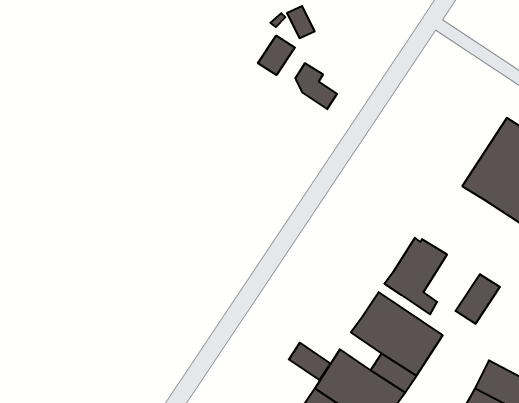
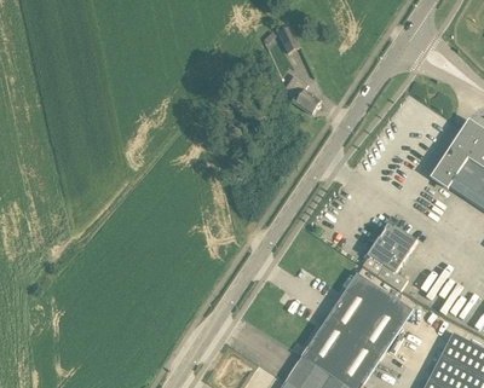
building: [258,36,295,75] -> none
building: [455,274,500,324] -> none
building: [289,343,331,380] -> [323,307,359,340]

